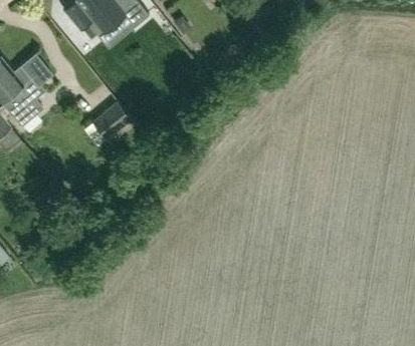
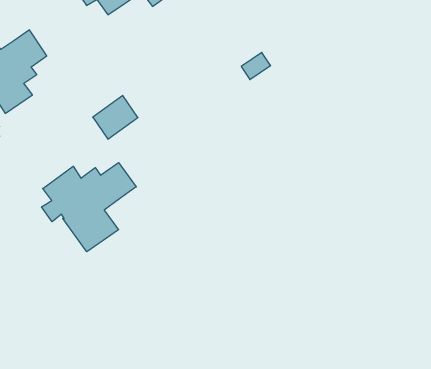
building: none -> [42,163,136,252]

